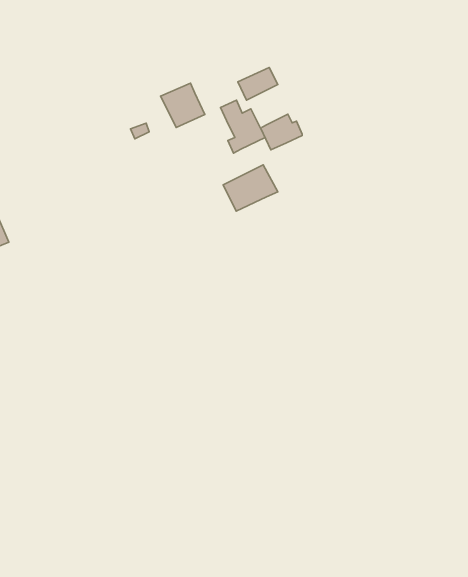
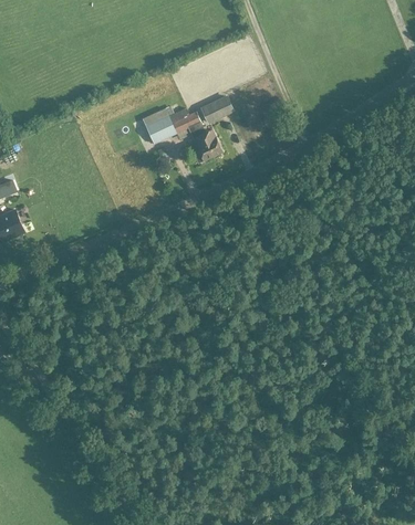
building: [261,114,302,150] -> [168,106,200,134]
building: [223,165,278,211] -> none

